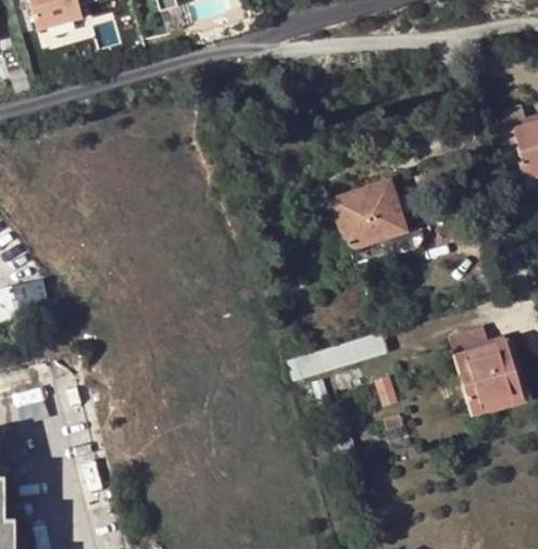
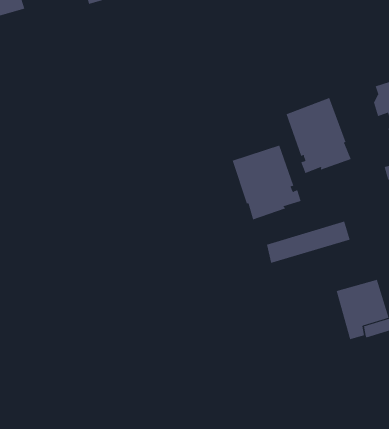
building: none -> [286,97,352,174]
building: [287,329,388,380] -> [266,221,350,263]

